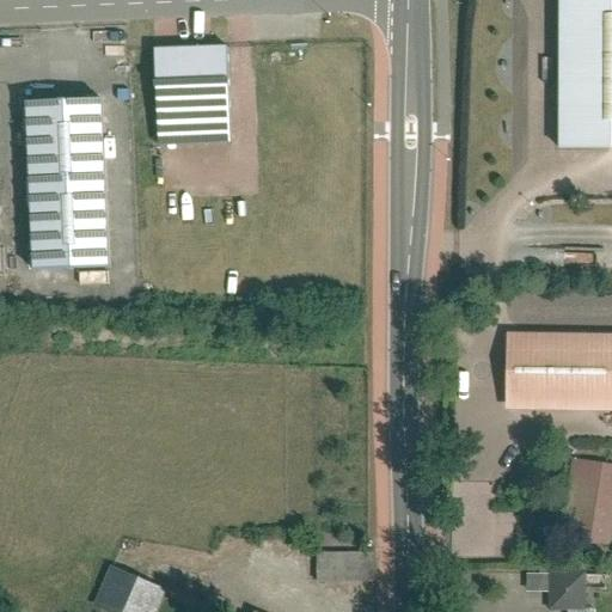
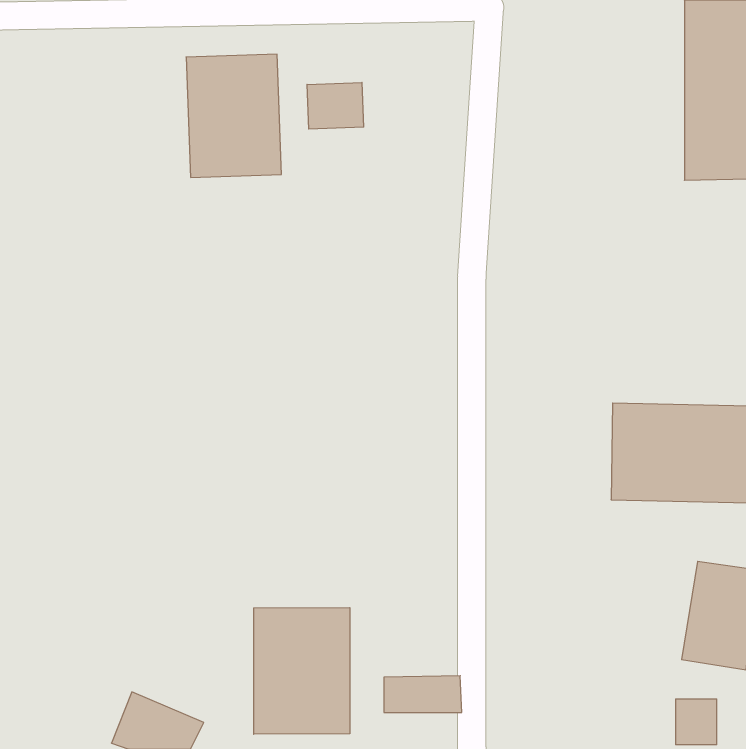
building: none -> [307,82,364,129]
building: [23,94,110,270] -> none
building: none -> [254,608,350,734]

